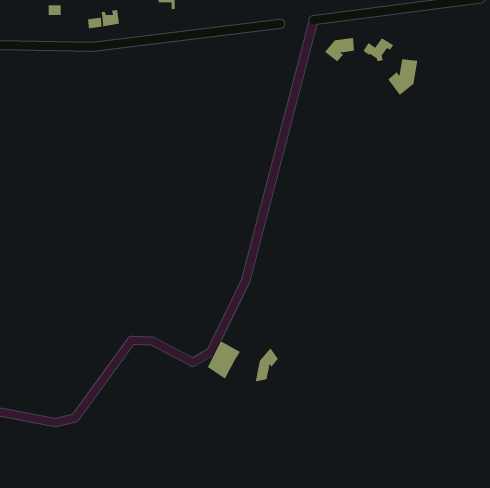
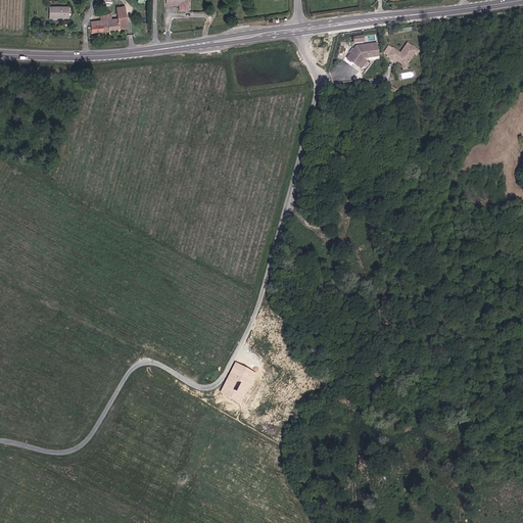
building: [387,59,418,96] -> none
building: [255,347,278,382] -> none

